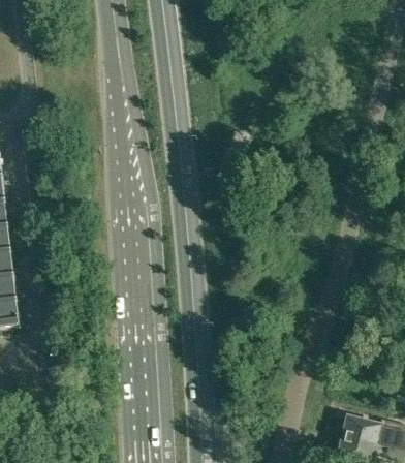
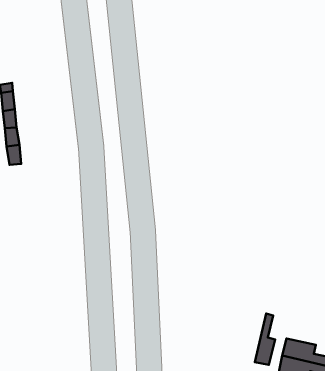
building: none -> [255,314,275,365]

